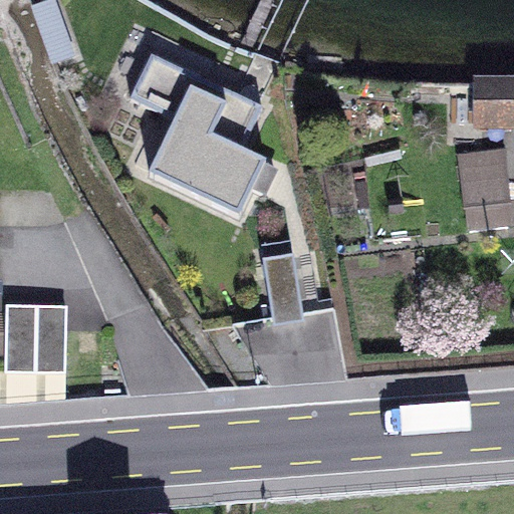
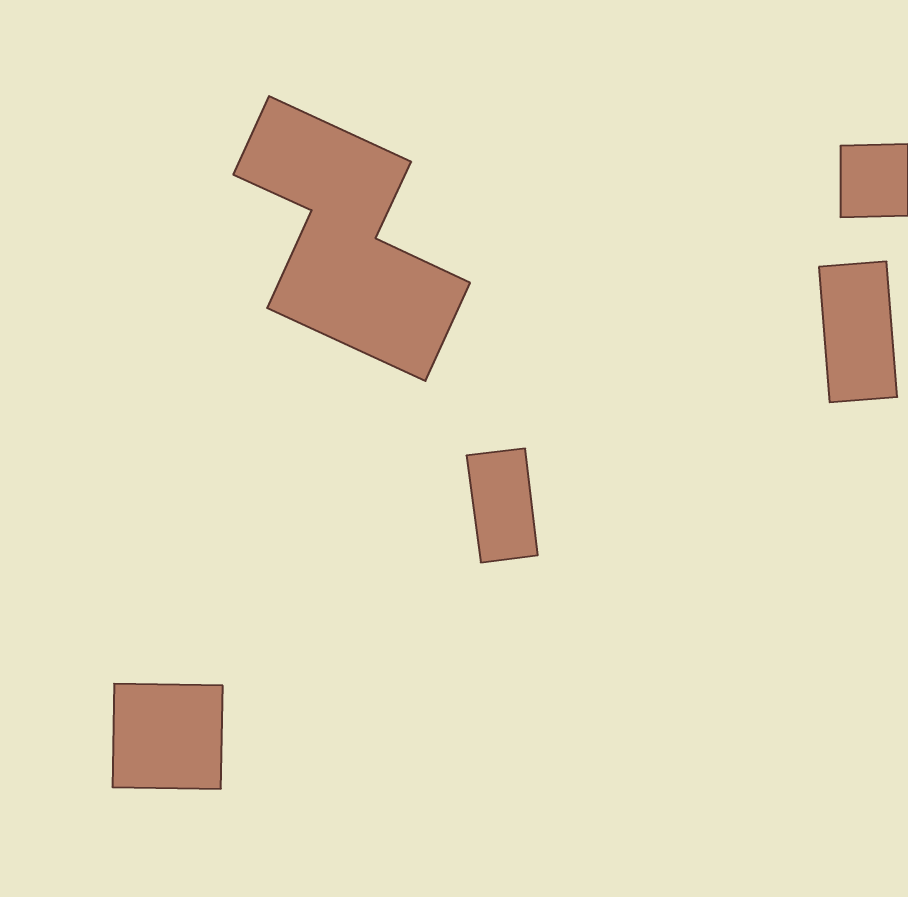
building: [5,310,67,369] -> [112,684,223,789]

